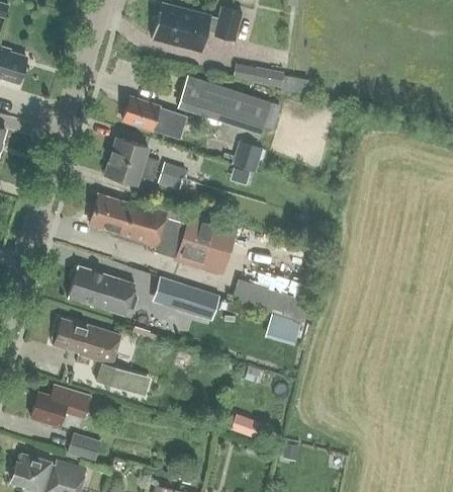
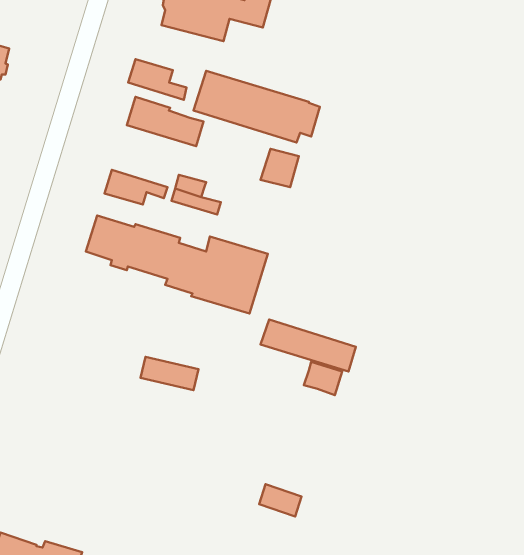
building: [233,62,308,93] -> none
building: [110,138,158,171] -> [128,59,186,100]
building: [67,265,135,315] -> none
building: [152,277,219,321] -> none
building: [51,320,134,386] -> none
building: [30,383,90,426] -> none
building: [67,433,99,461] -> none

